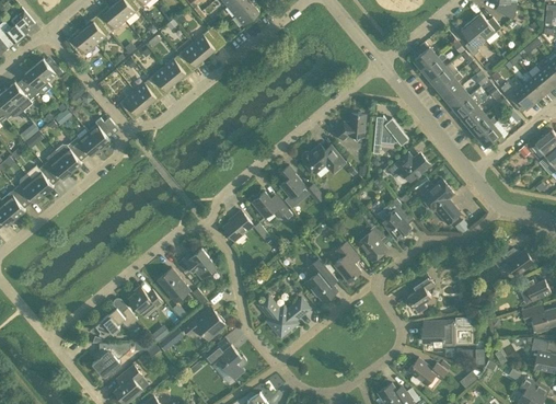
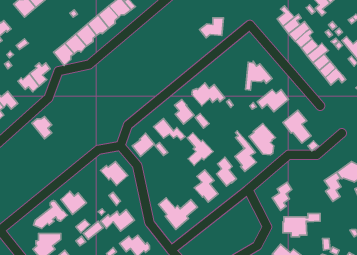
building: [333,114,364,140] -> [199,18,223,38]
building: [55,141,81,171] -> [32,116,52,139]
building: none -> [187,133,213,166]
building: none -> [324,172,341,202]
building: [157,268,188,301] -> none

